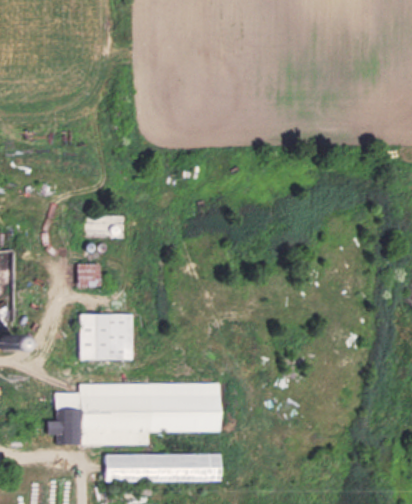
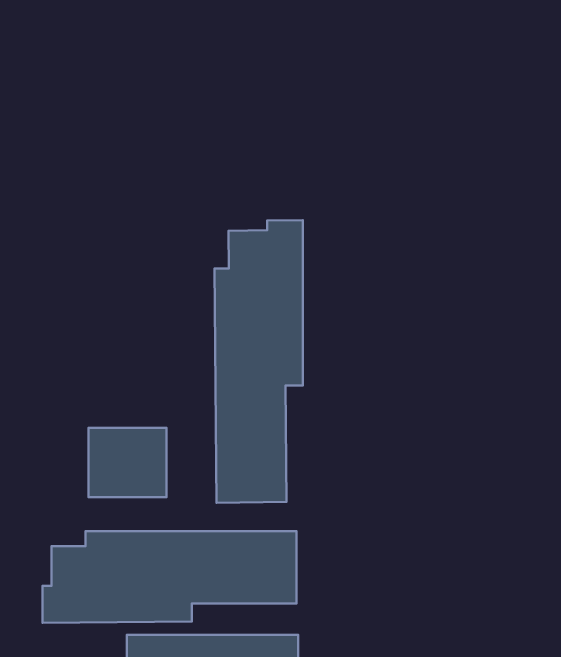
building: none -> [215,220,303,503]
building: [77,264,100,287] -> none

